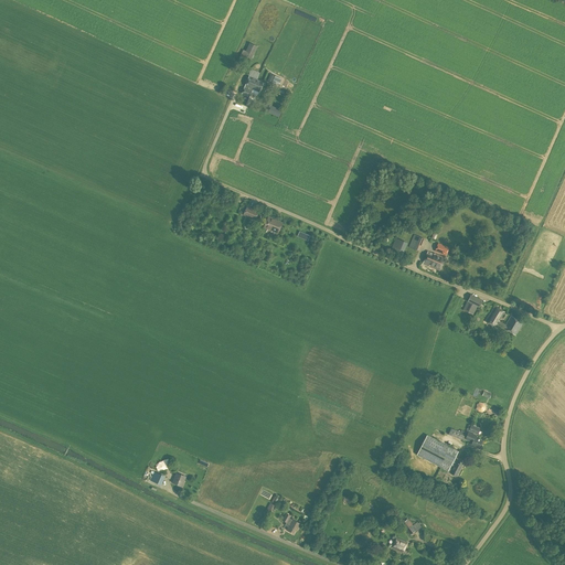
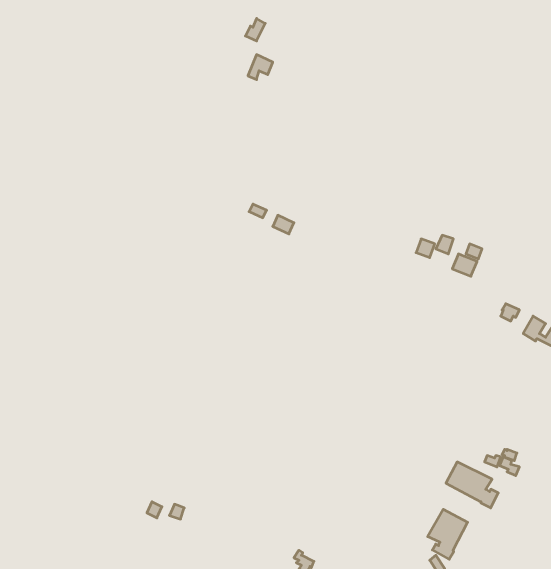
building: none -> [428,509,468,559]

